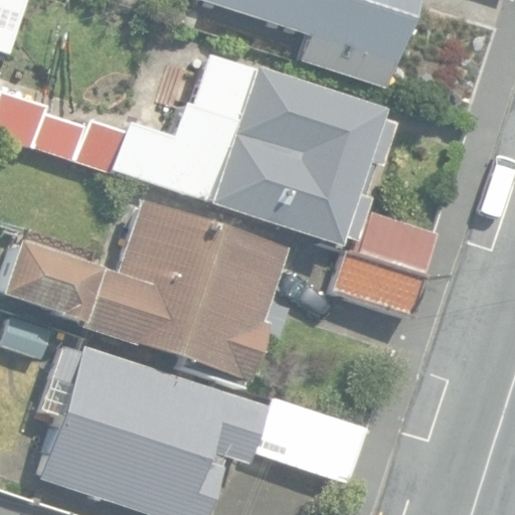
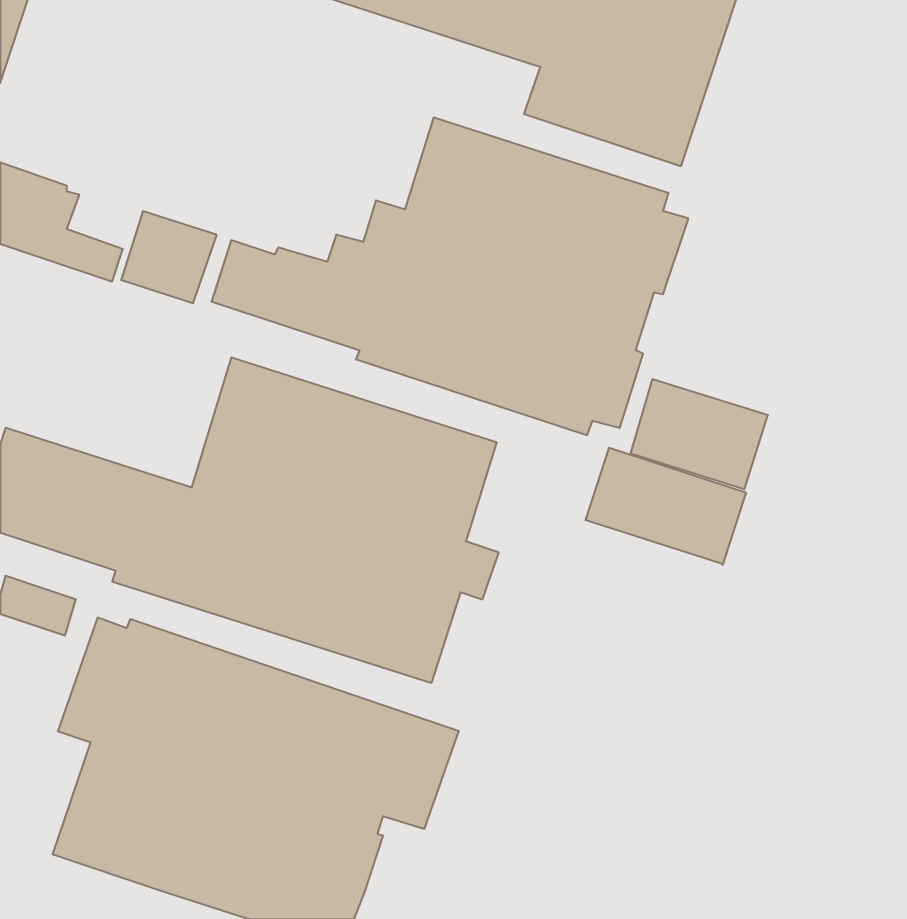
building: [255,396,366,481] -> none

